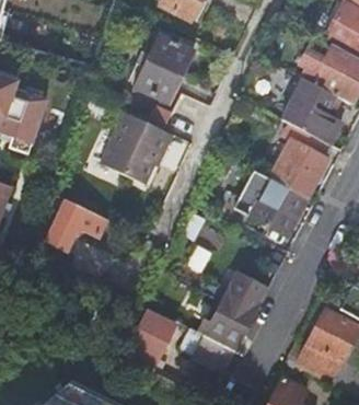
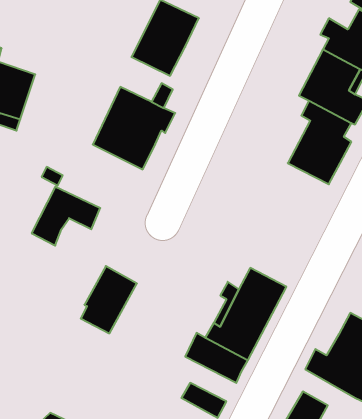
building: [251,177,308,234] -> none
building: [127,310,176,369] -> [81,266,137,333]

